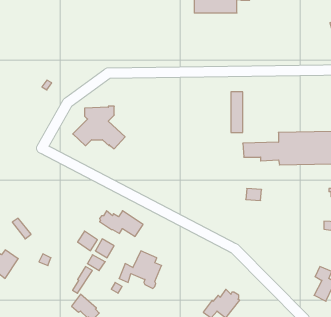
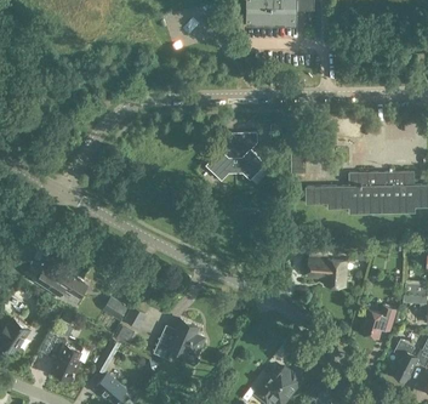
building: [73,106,125,149] -> [205,131,269,183]
building: none -> [307,258,346,286]
building: [100,211,143,236] -> [35,267,89,298]
building: none -> [359,306,395,337]
building: none -> [48,336,80,380]

